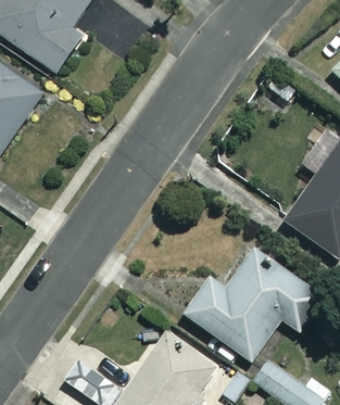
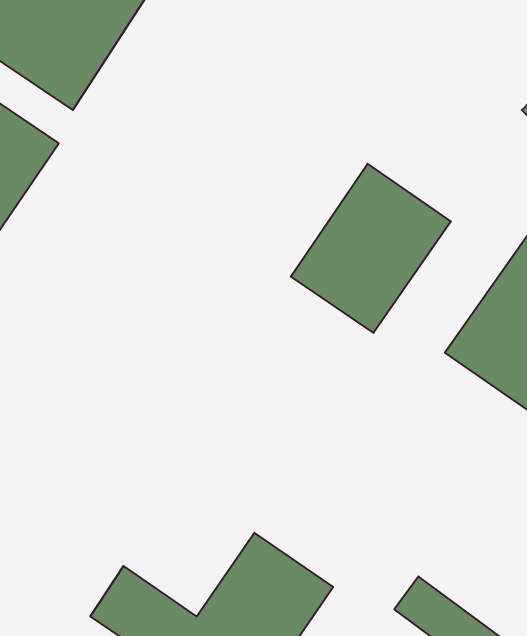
building: none -> [291,164,451,333]
building: [184,246,326,362] -> none

